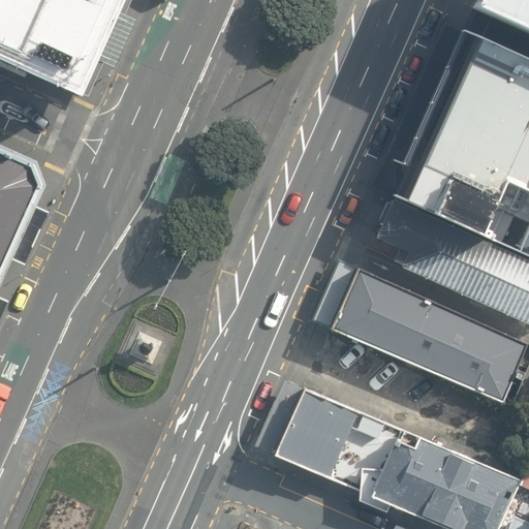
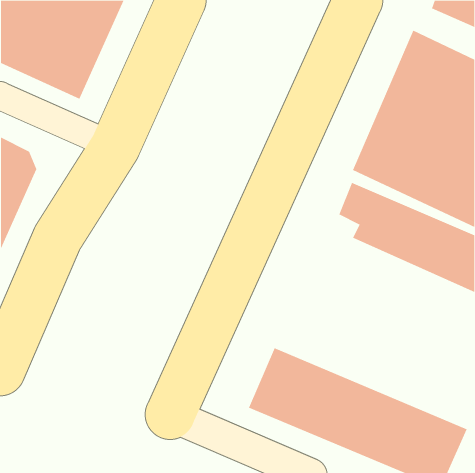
building: [332,269,523,399] -> none

